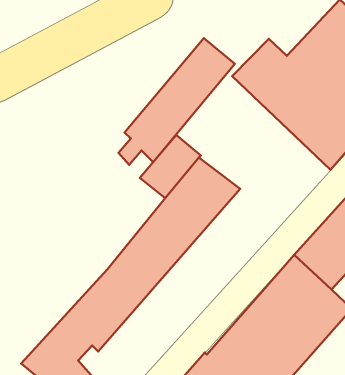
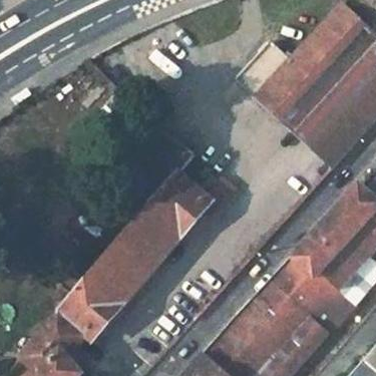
building: [119,38,235,165] -> none

